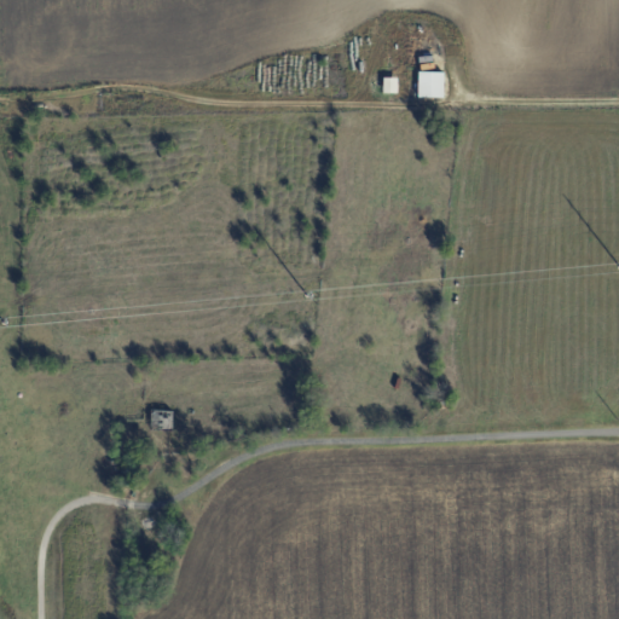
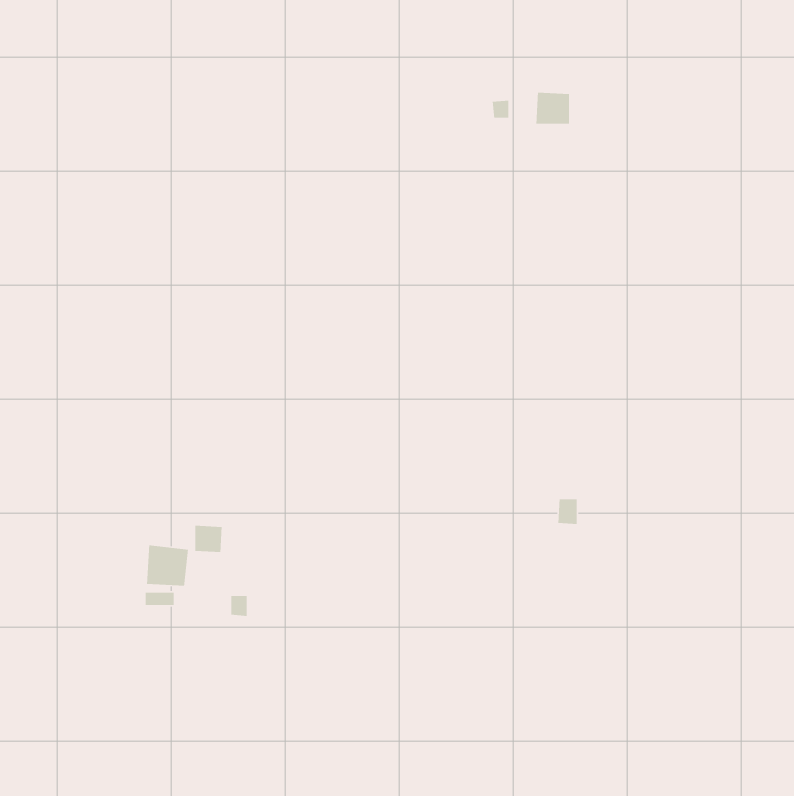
building: none -> [146,545,189,587]

